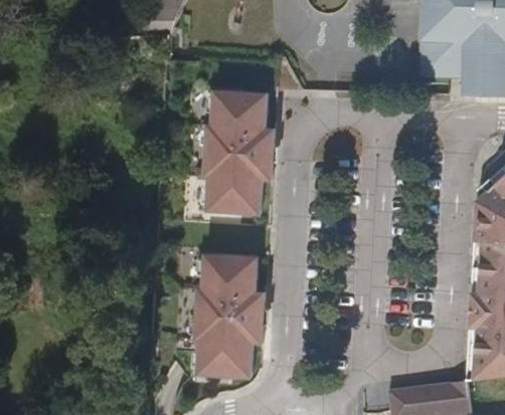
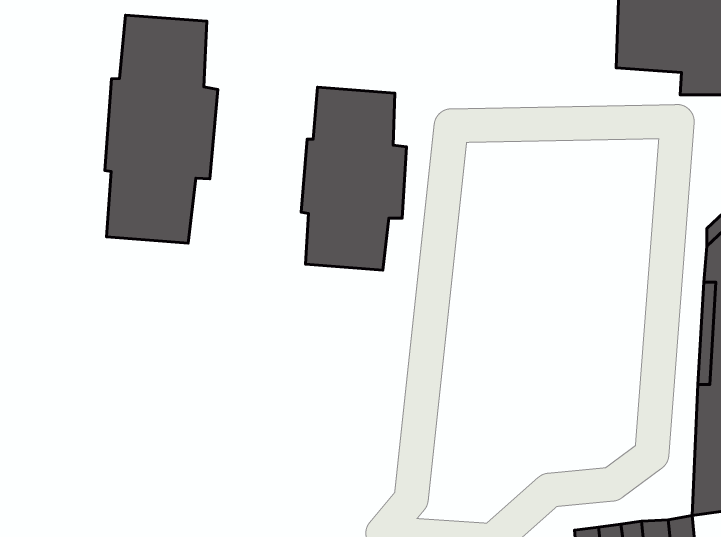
building: none -> [105,15,218,243]
building: [196,252,269,377] -> none

